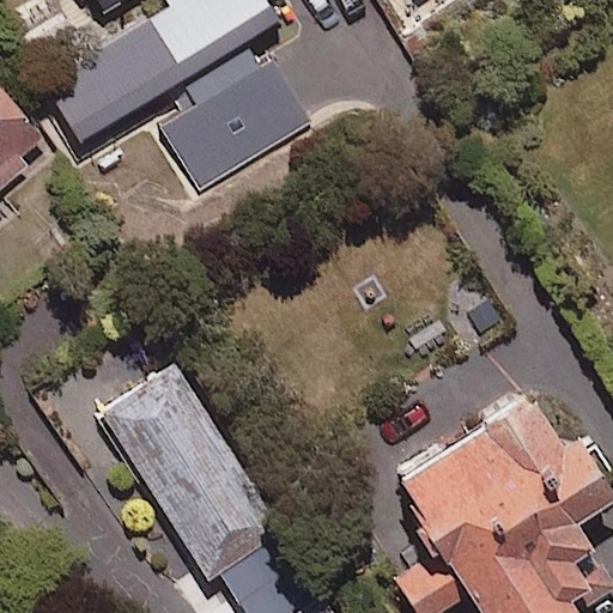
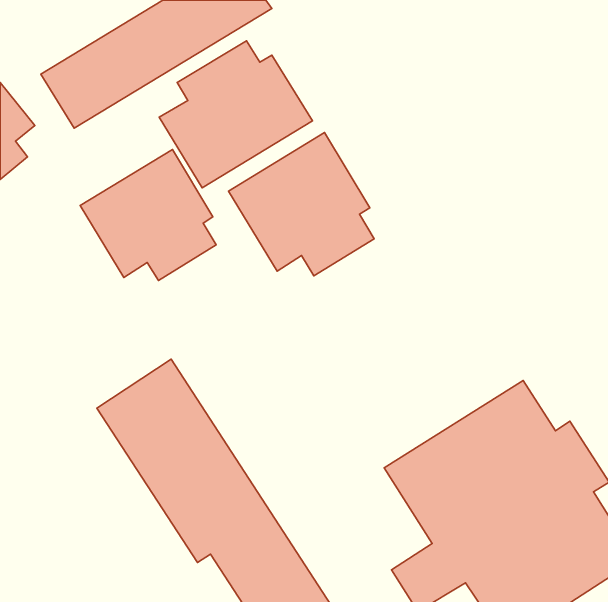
building: none -> [228,133,374,276]
building: none -> [80,149,216,281]

